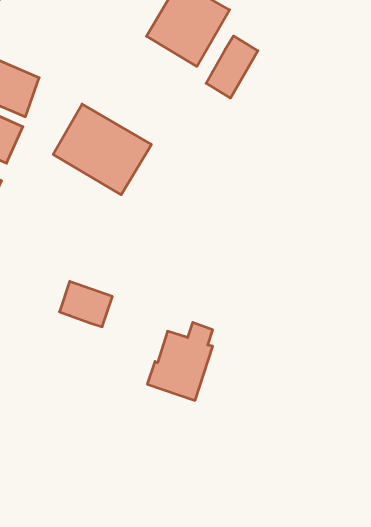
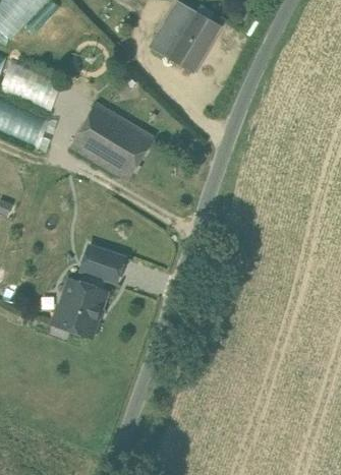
building: [206,36,258,98] -> none
building: [147,322,213,400] -> [52,273,105,336]

